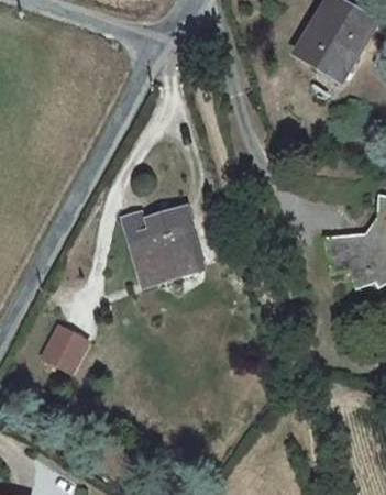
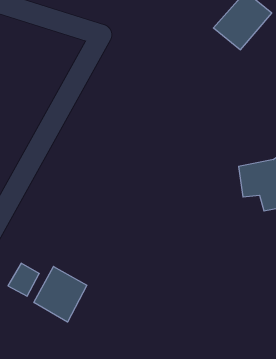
building: [128,217,197,297] -> none
building: none -> [34,266,87,322]

